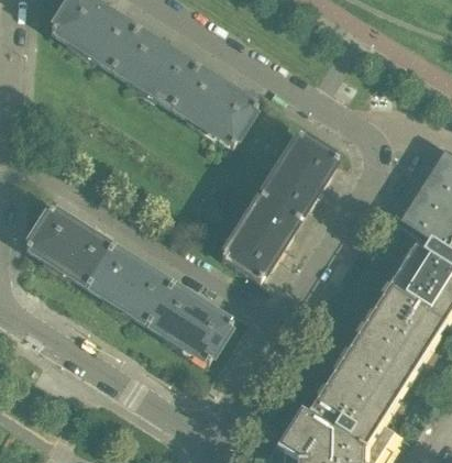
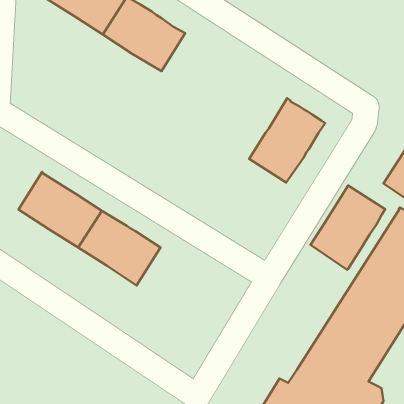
building: [172,68,257,146] -> none
building: [222,196,298,282] -> [310,185,385,270]
building: [146,286,232,363] -> none

